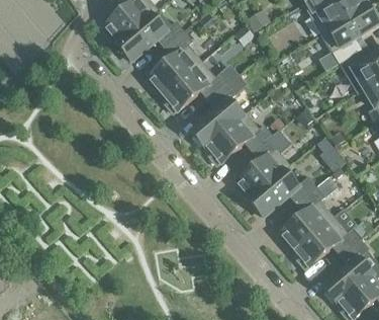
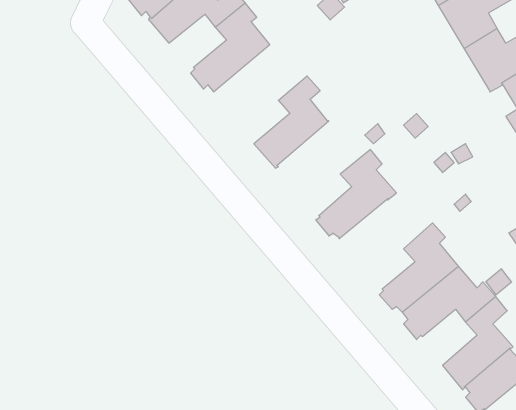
building: [164,61,229,112] -> none
building: [208,111,274,164] -> none
building: [250,169,317,216] -> none

